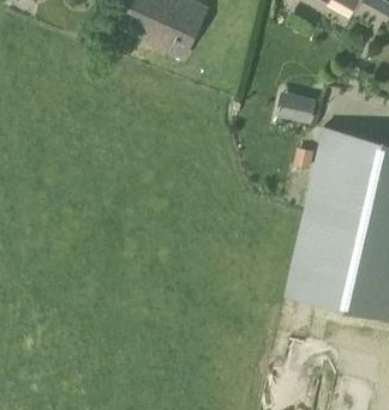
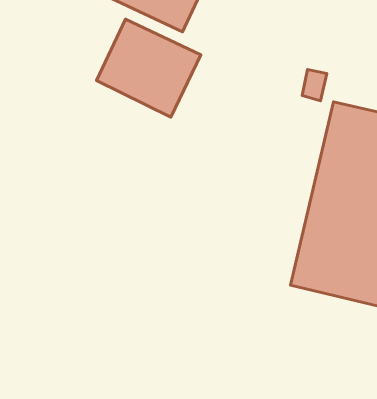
building: none -> [97,19,201,117]

